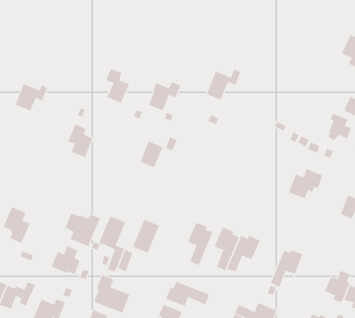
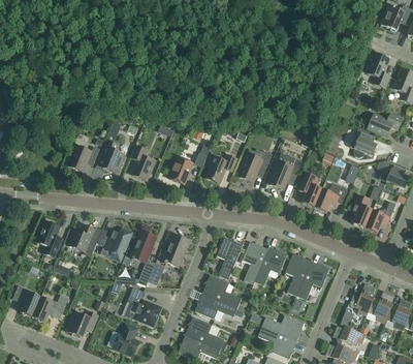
building: [105,68,130,103] -> [130,146,154,180]
building: [206,69,241,100] -> [237,151,272,182]
building: [148,81,181,111] -> [204,155,236,184]
building: [15,83,48,111] -> [67,145,99,172]
building: none -> [267,158,301,189]
building: none -> [297,173,321,208]
building: none -> [350,194,372,229]
building: none -> [284,253,312,296]
building: [51,245,81,275] -> [68,224,97,253]
building: none -> [200,275,241,307]

